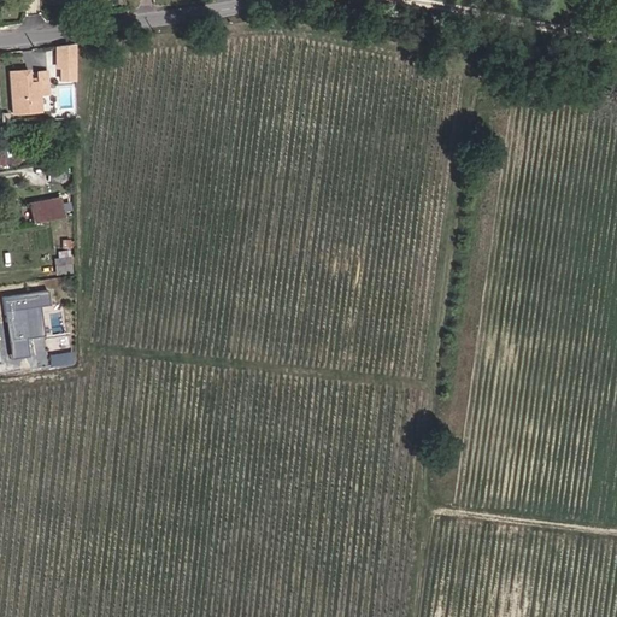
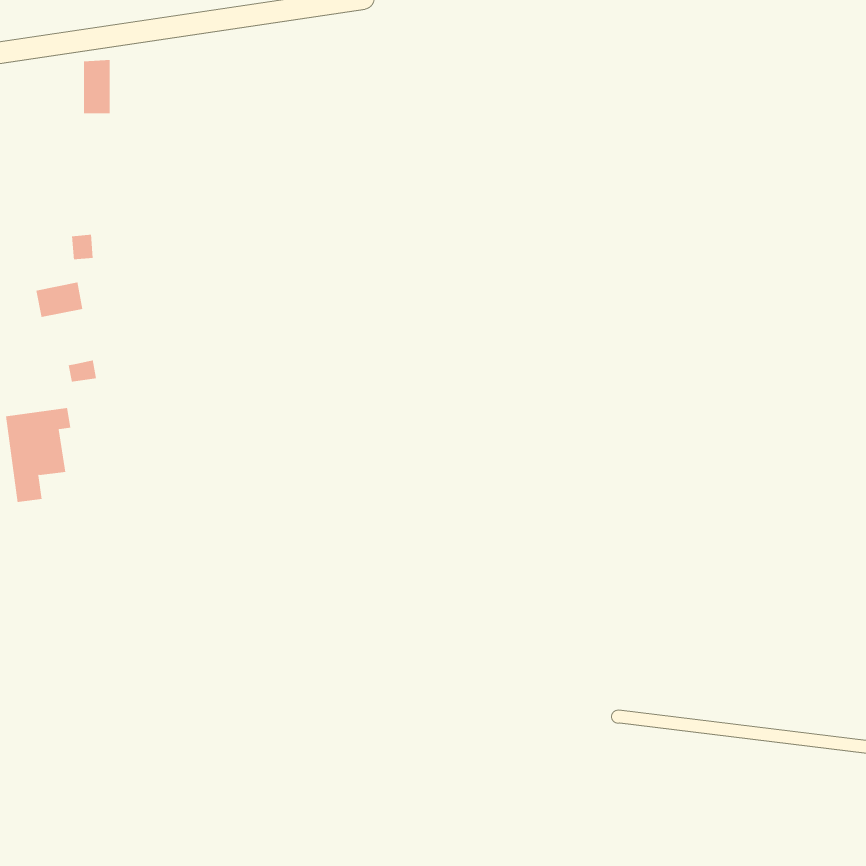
building: [8,71,47,114] -> none

